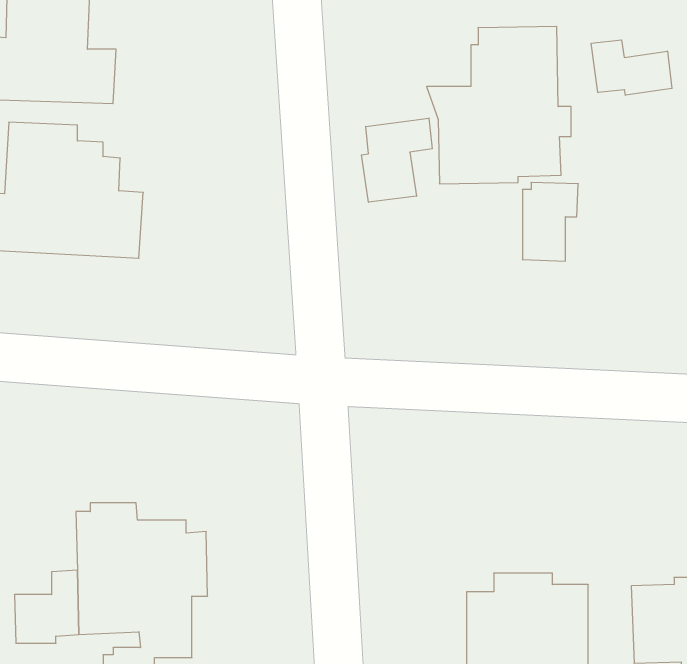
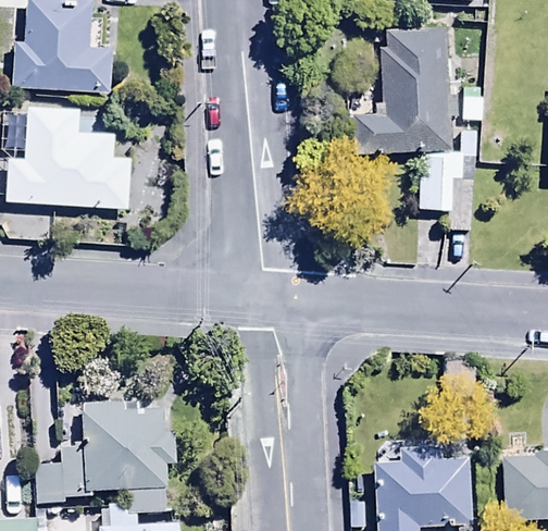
building: [591,40,672,95] -> none
building: [361,118,432,202] -> none

